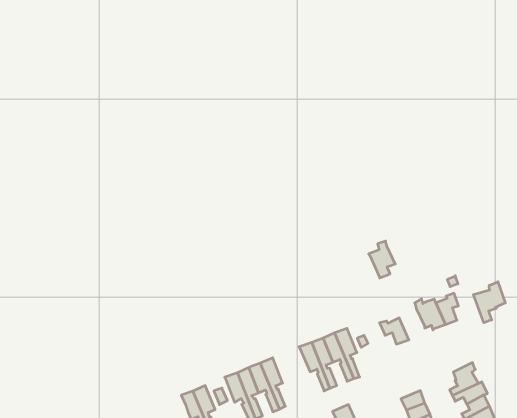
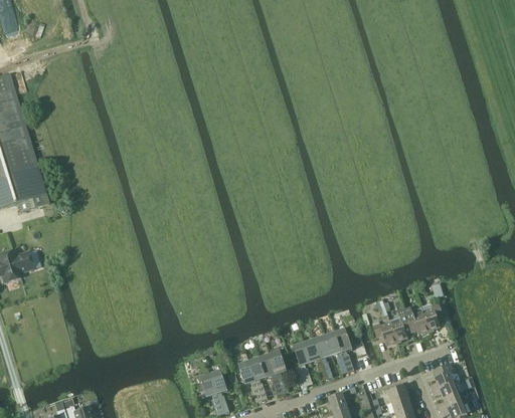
building: [369,241,395,278] -> [389,309,411,341]
building: [473,282,505,323] -> none
building: none -> [293,341,312,385]

